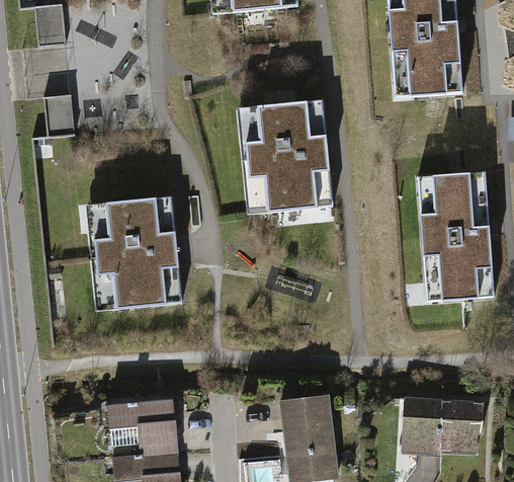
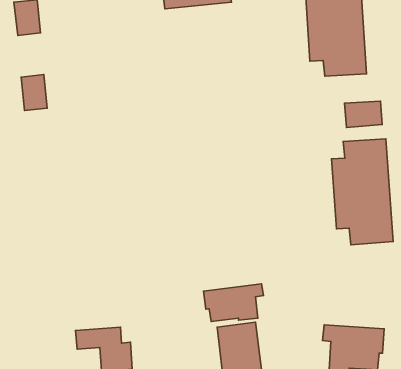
building: [241,99,332,213] -> none
building: none -> [345,101,382,127]
building: [92,195,180,308] -> none
building: none -> [204,284,264,321]

